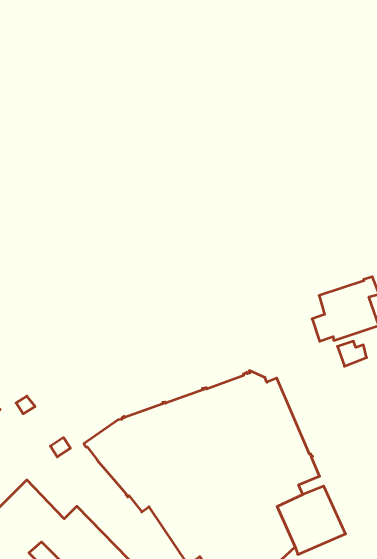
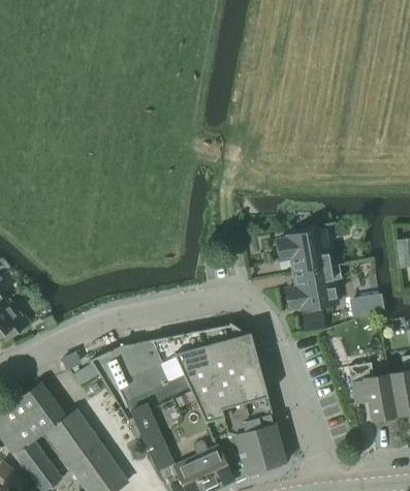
building: none -> [278,229,332,273]

